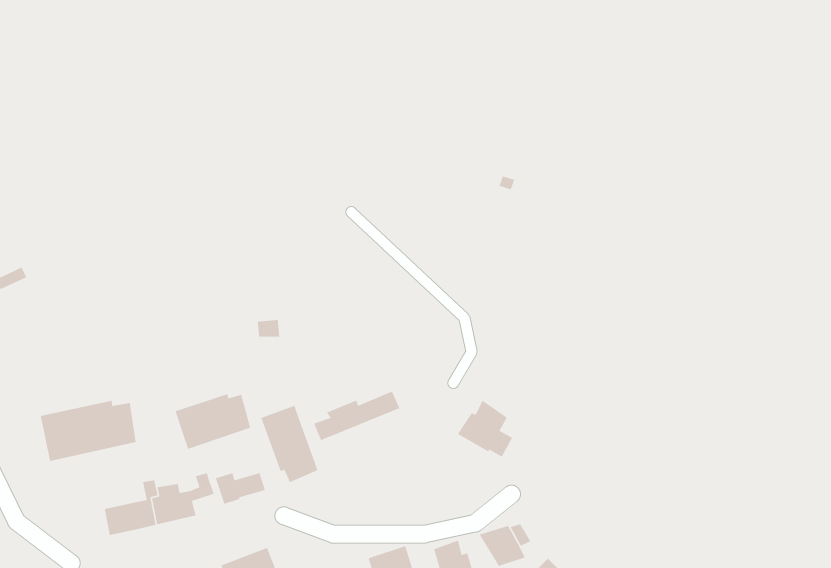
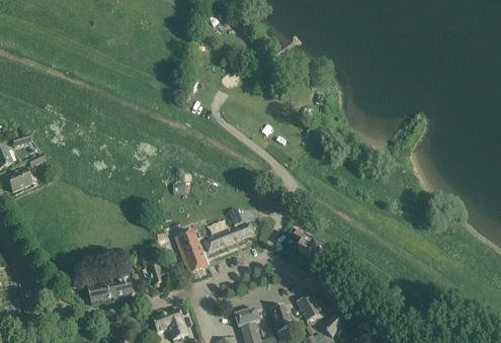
building: [174,393,251,450] -> none
building: [40,400,137,462] -> none

